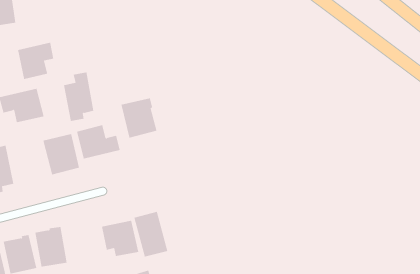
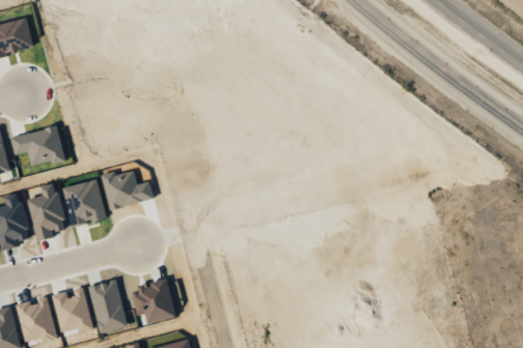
building: [18,42,54,80] -> none
building: [63,72,94,121] -> [28,182,64,240]
building: [121,98,157,138] -> none
building: [134,211,168,257] -> [87,279,128,332]

